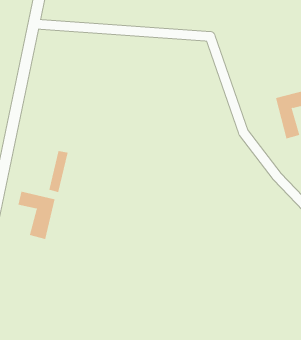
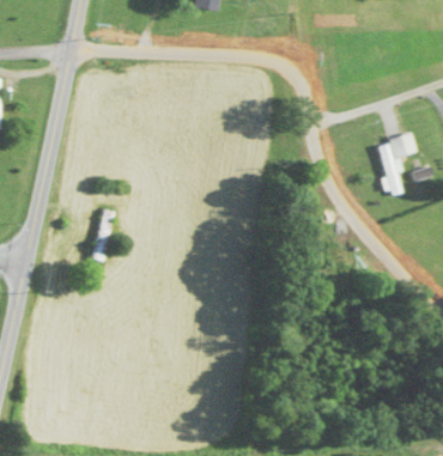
building: [18,191,55,240] -> none

